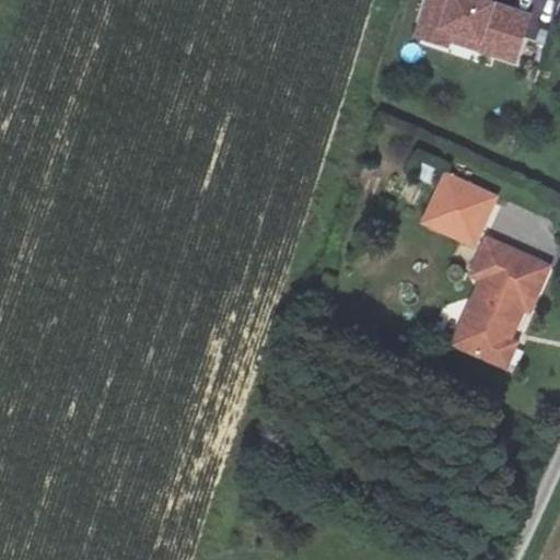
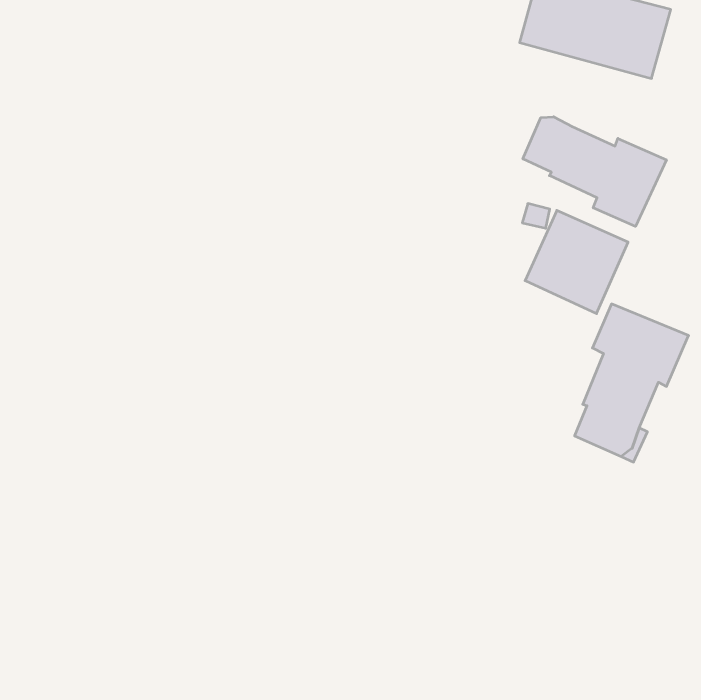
building: none -> [523,117,666,226]

